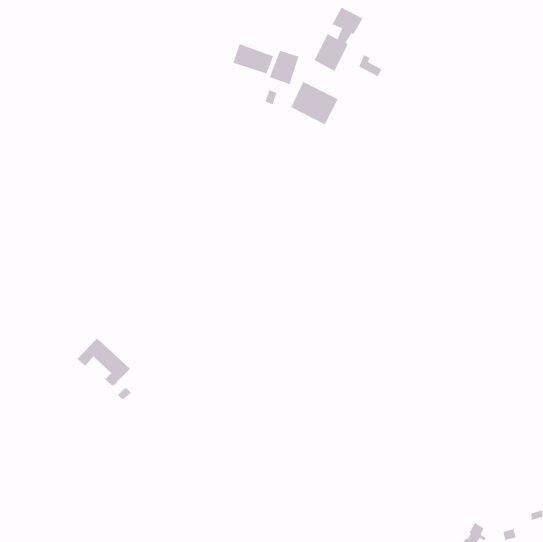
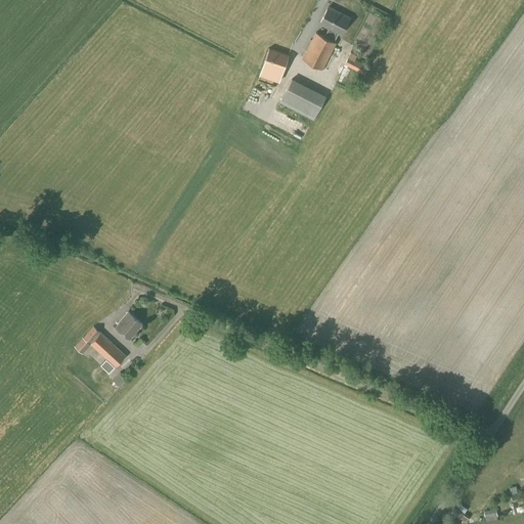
building: [232,43,274,74] -> none
building: none -> [116,312,142,340]

